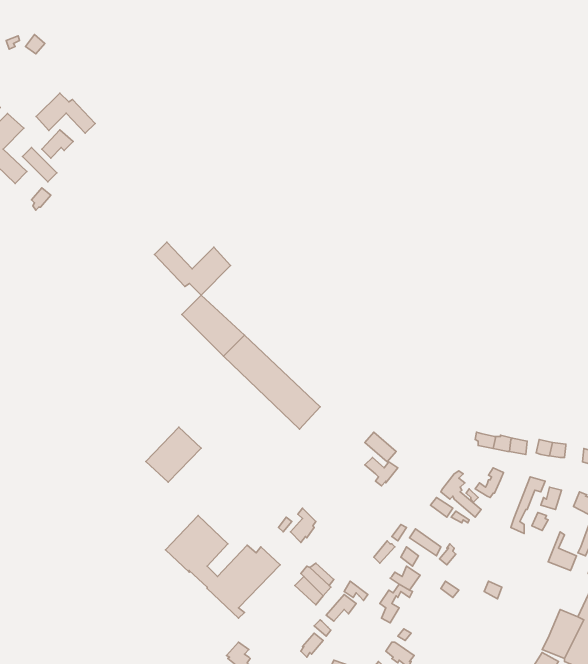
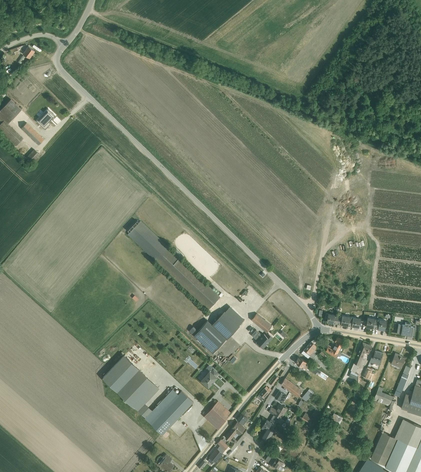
building: [36,93,95,133] -> none
building: [154,242,231,295] -> none
building: none -> [189,306,244,353]
building: [146,427,201,482] -> [102,355,139,392]

